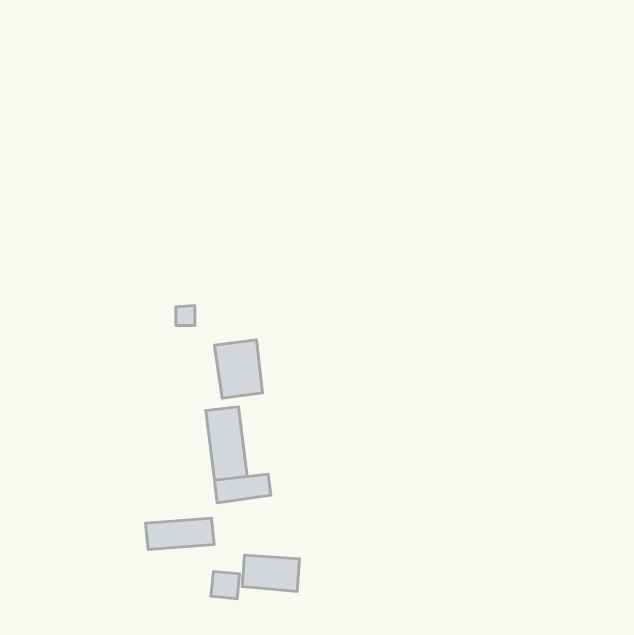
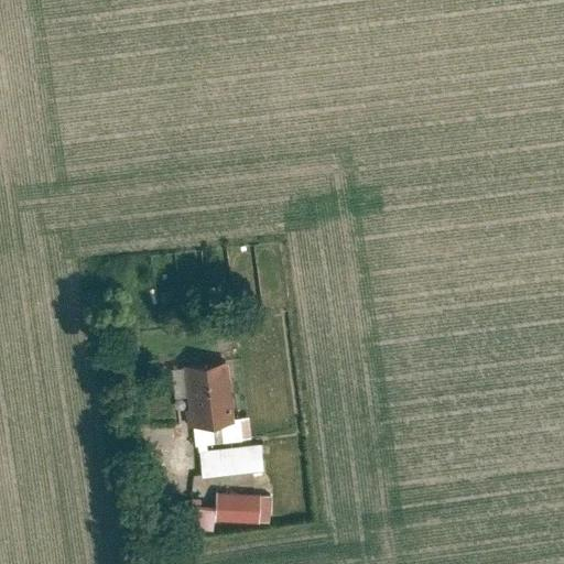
building: [215,340,262,398] -> none
building: [146,518,214,549] -> [204,446,264,474]

